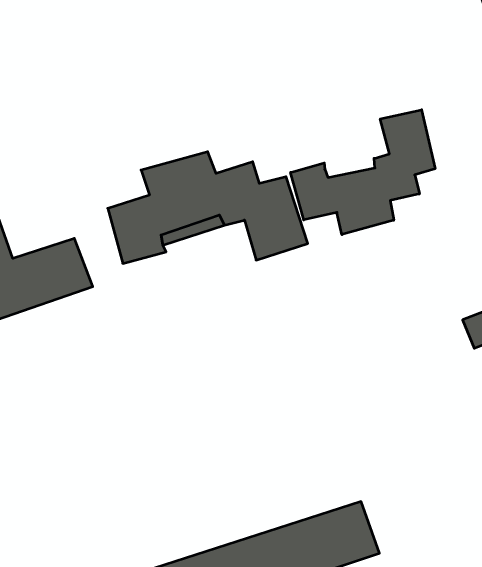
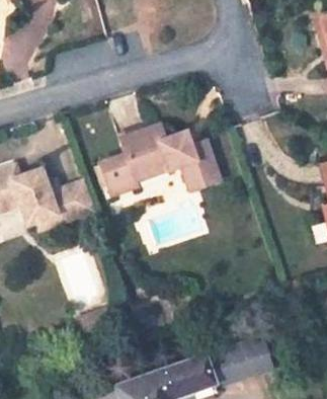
building: [291,110,435,235] -> none

